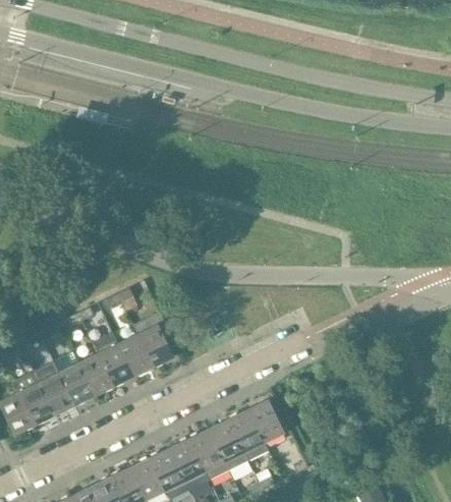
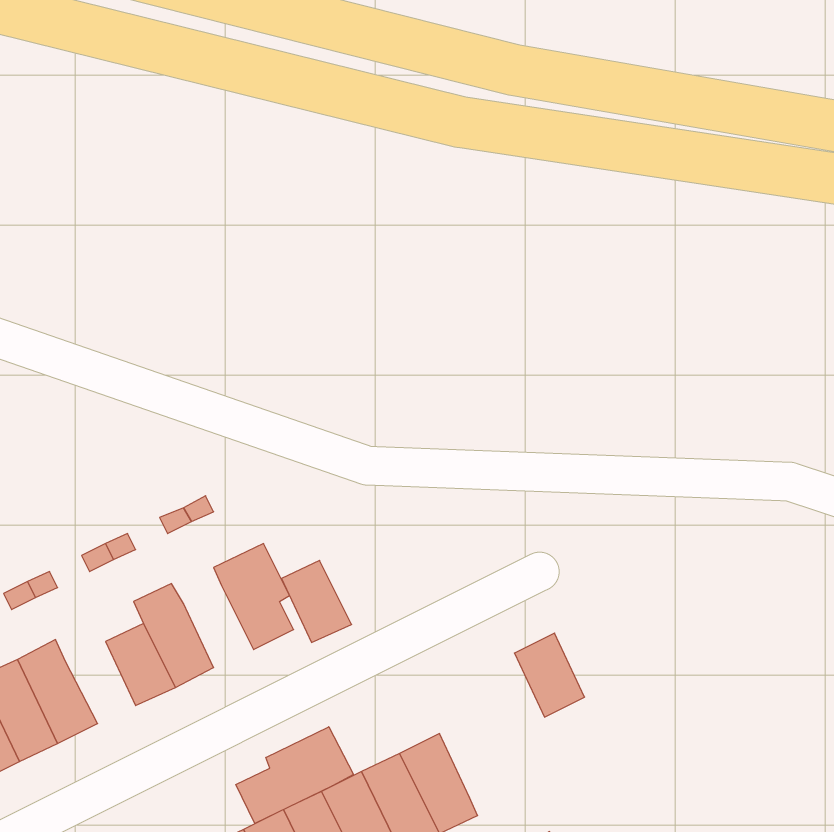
building: [117,335,153,377] -> [282,560,352,642]
building: [57,364,93,405] -> none
building: [247,400,283,443] -> [514,633,585,717]
building: none -> [236,727,353,824]

